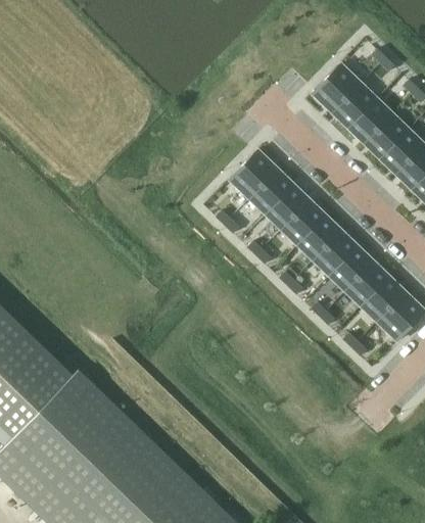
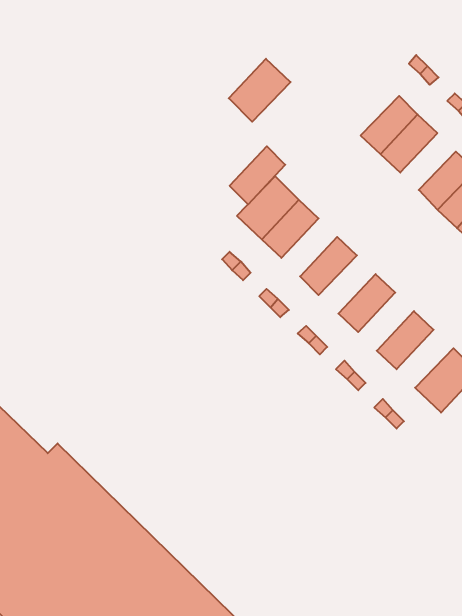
building: [311,61,362,113] -> [229,59,291,122]
building: [363,111,409,158] -> none
building: [265,182,311,230] -> [230,146,285,204]
building: [295,212,342,260] -> none
building: [328,243,374,291] -> none
building: [360,274,407,322] -> none

